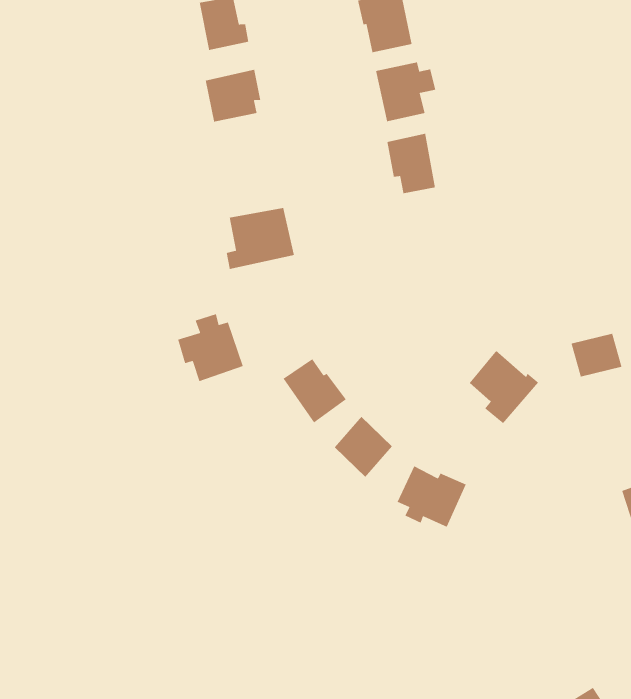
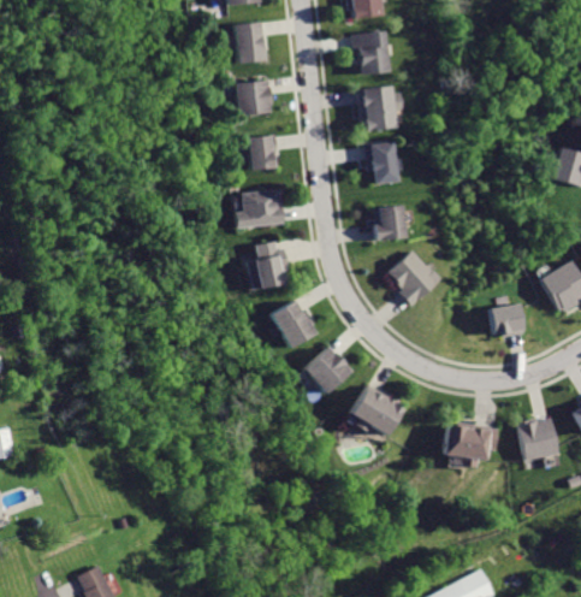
building: none -> [250,136,281,171]
building: none -> [372,206,405,241]
building: [177,313,244,382] -> [245,241,294,291]
building: [469,350,539,424] -> [386,252,439,308]
building: none -> [441,426,498,461]

